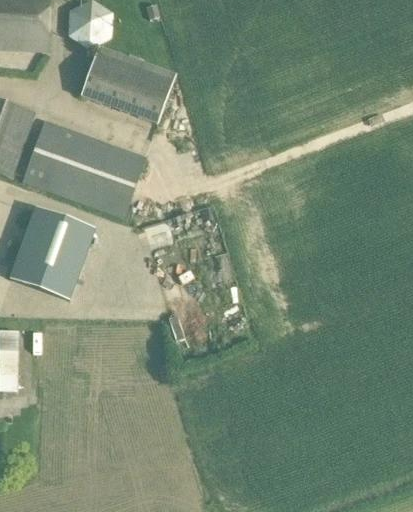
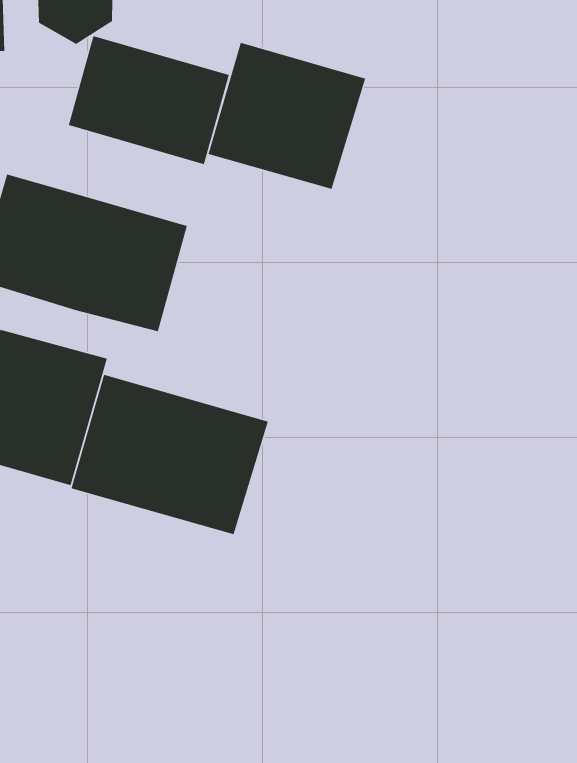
building: none -> [208,42,366,190]
building: none -> [70,374,269,535]

